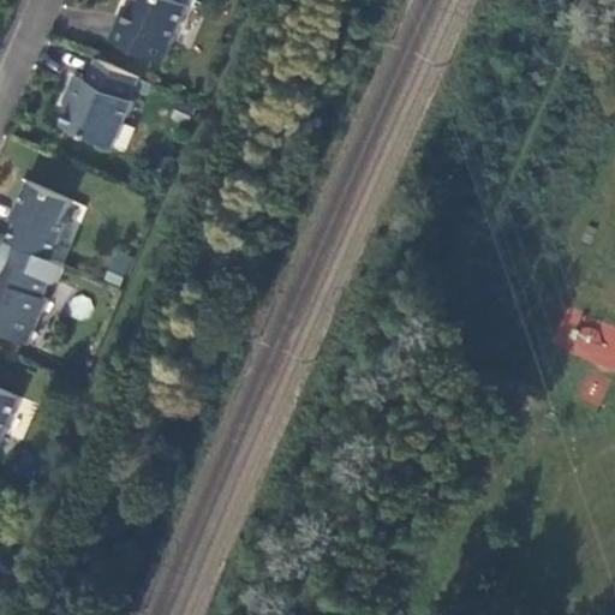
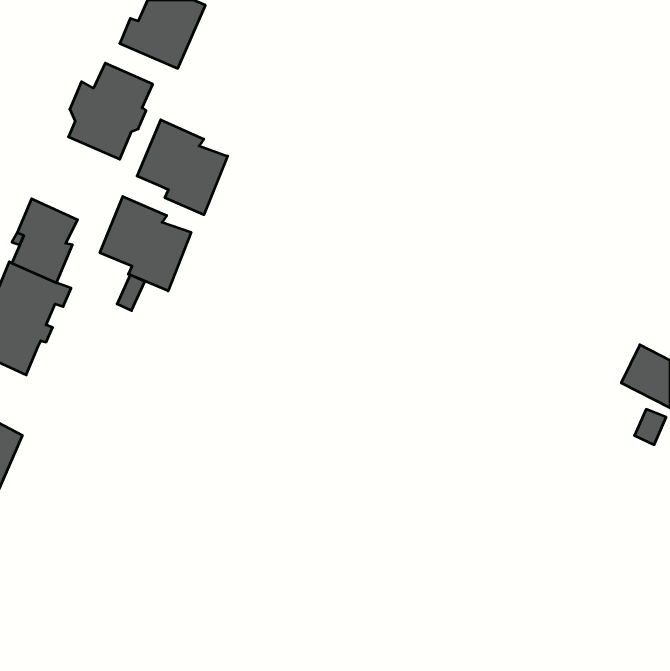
building: none -> [137,120,228,215]
building: none -> [100,196,191,291]

